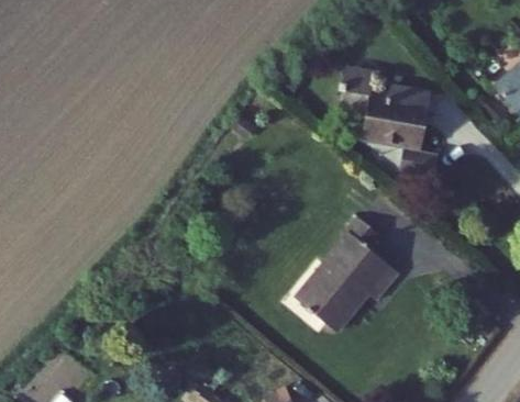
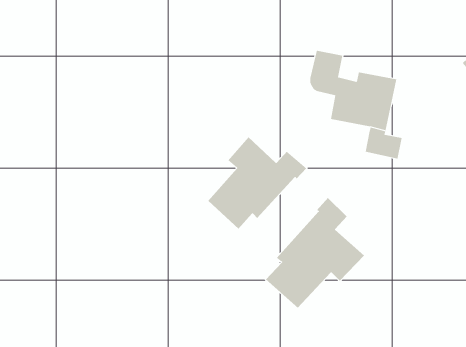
building: none -> [208,136,307,230]

